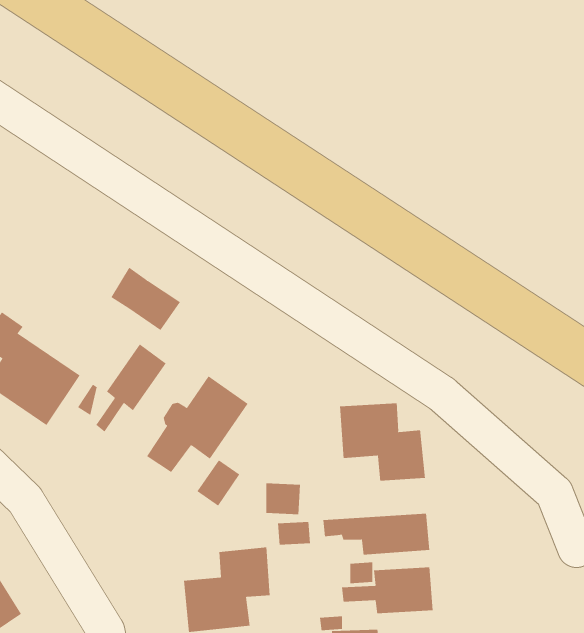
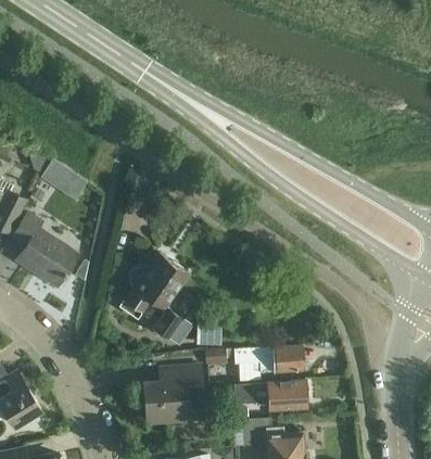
building: [110,267,181,331] -> [42,161,88,202]
building: [95,344,166,432] -> none
building: [339,402,425,481] -> none

